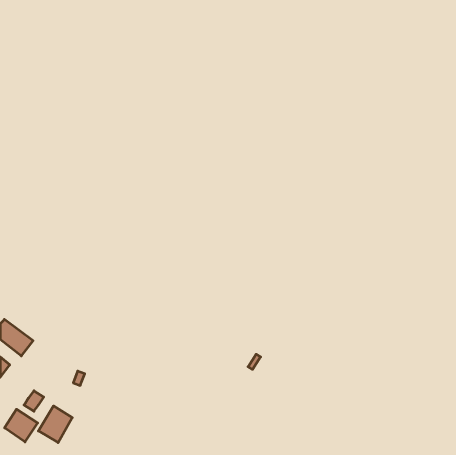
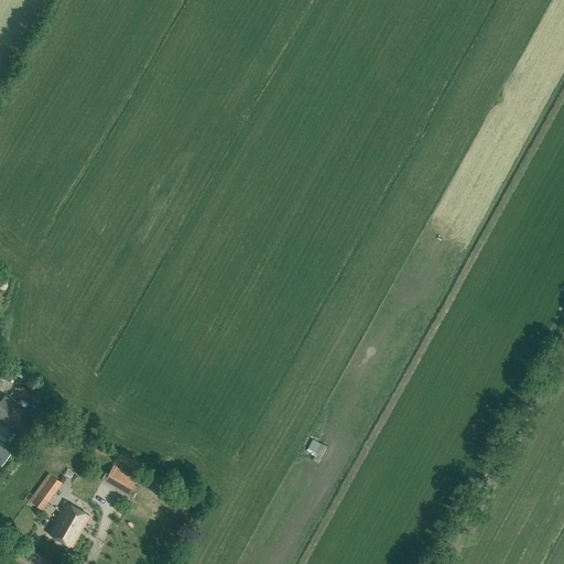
building: none -> [104,464,138,495]
building: [5,409,38,442] -> none

